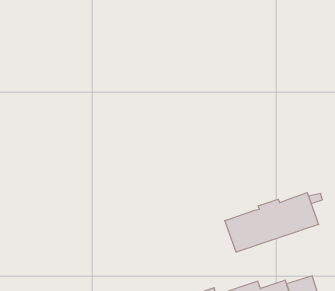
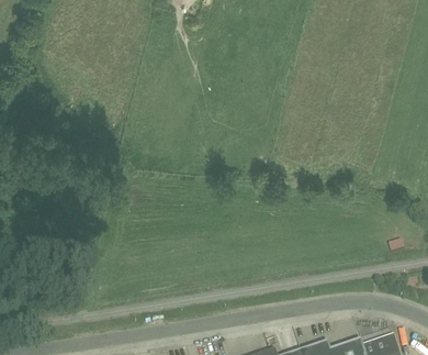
building: [225,193,319,252] -> none

